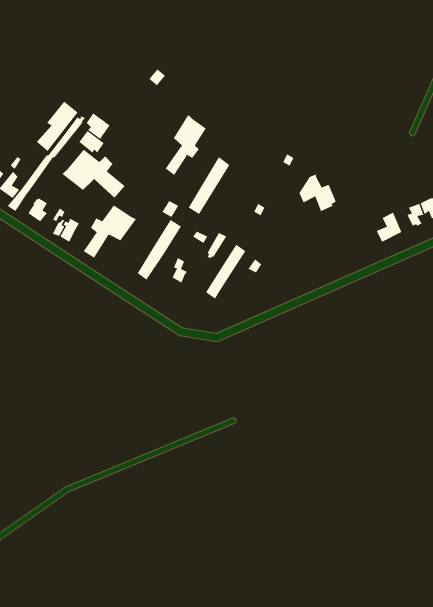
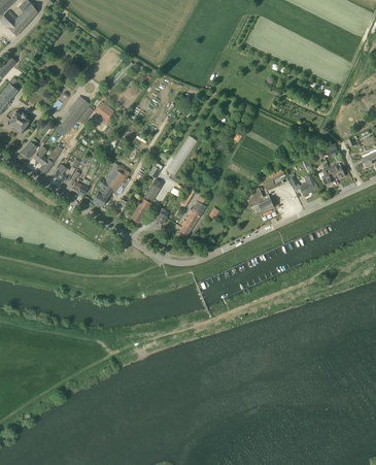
building: [165,114,206,176] -> none
building: [62,149,125,199] -> none
building: [299,174,337,212] -> [247,187,274,213]

